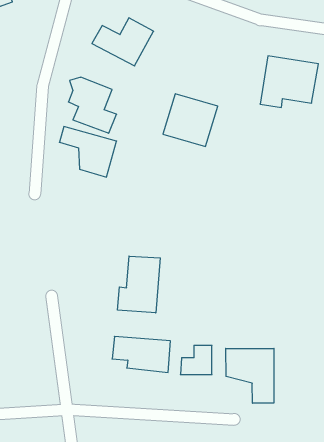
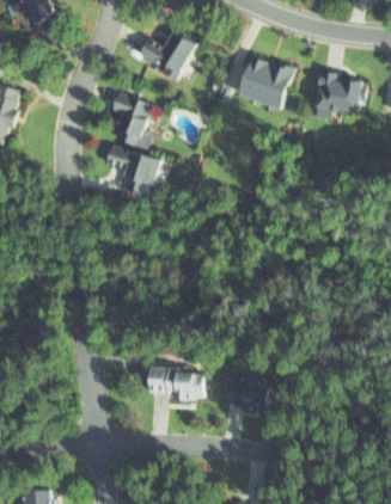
building: [163,94,218,146] -> [237,56,295,112]
building: [118,256,160,313] -> none
building: [226,348,274,403] -> none

